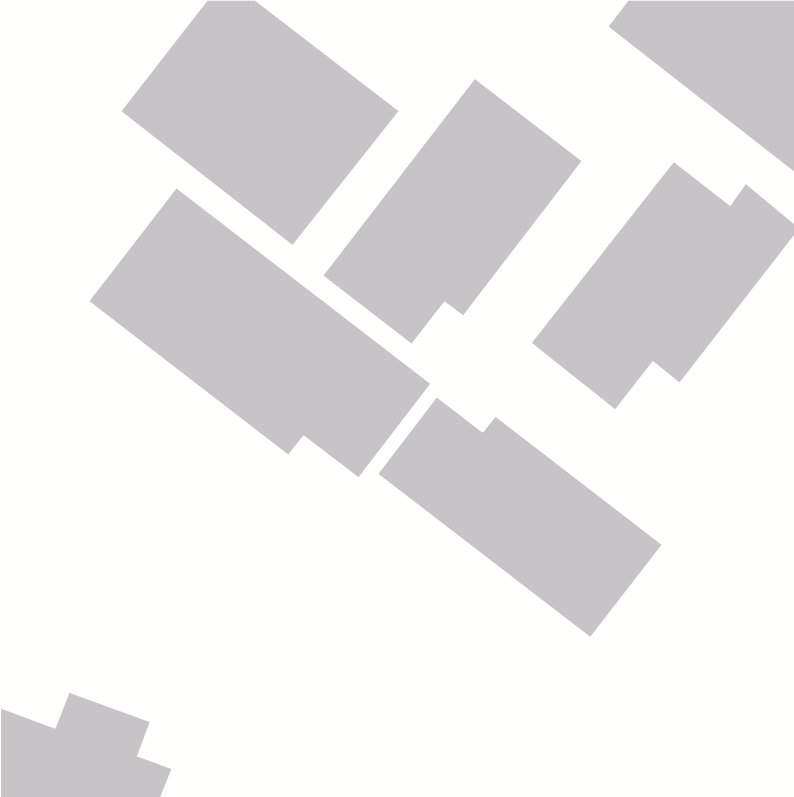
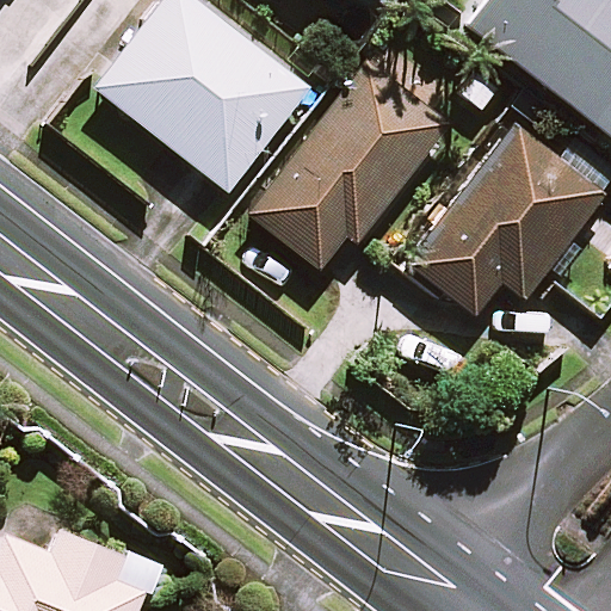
building: [88,187,431,478] -> none
building: [377,397,662,638] -> none

